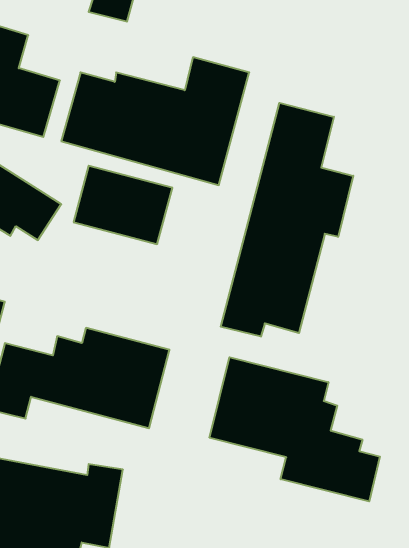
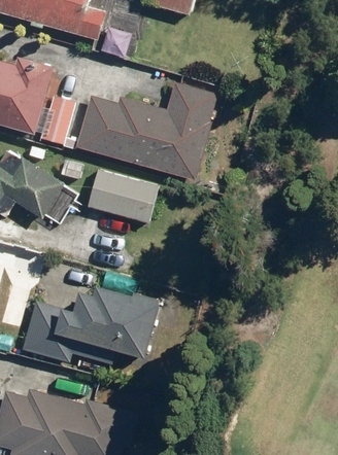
building: [221,103,353,337] -> none
building: [210,357,380,501] -> none

